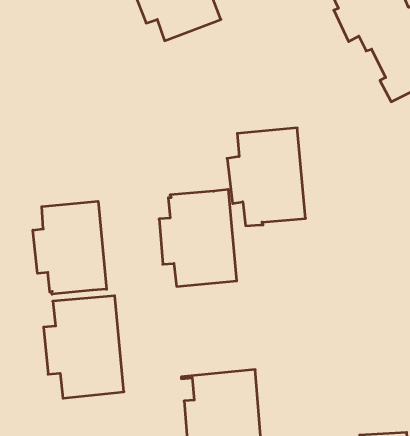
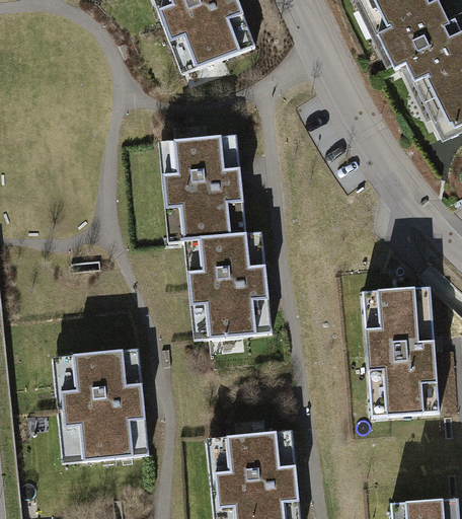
building: [227,128,306,226] -> [159,134,245,241]
building: [33,201,107,294] -> none
building: none -> [362,287,438,415]

